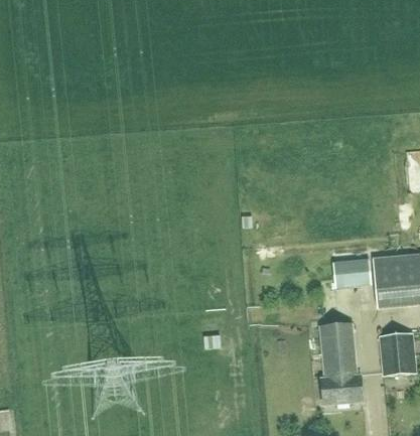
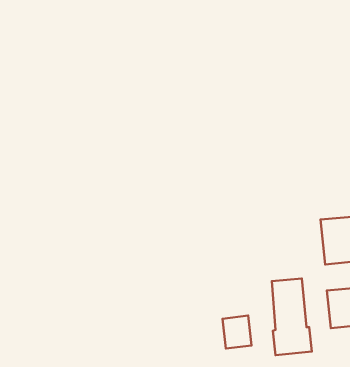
building: [332,258,371,286] -> none
building: none -> [222,316,252,349]

